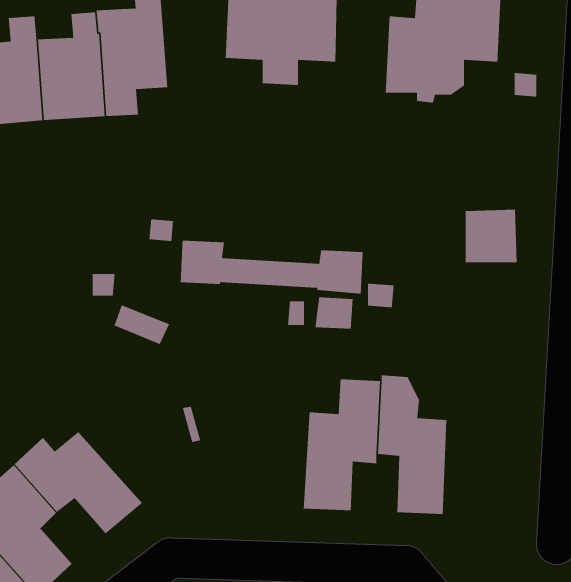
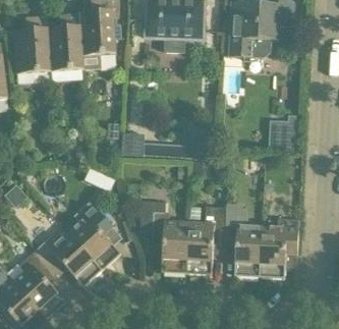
building: none -> [68,201,120,270]
building: none -> [139,201,188,273]
building: none -> [259,218,298,278]

